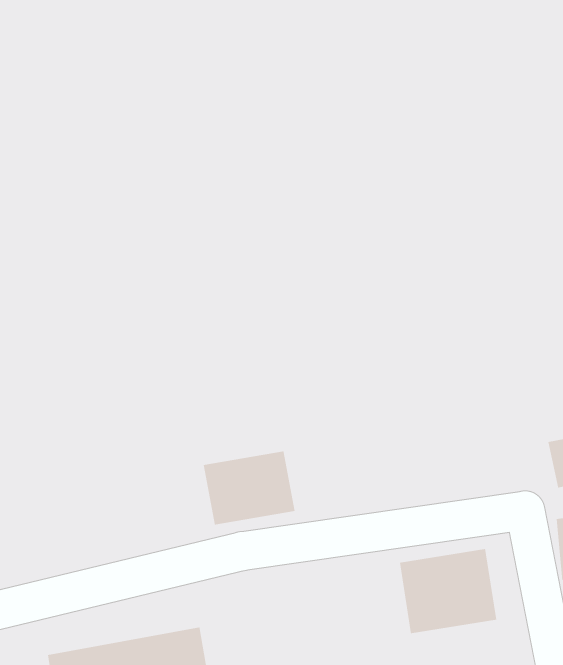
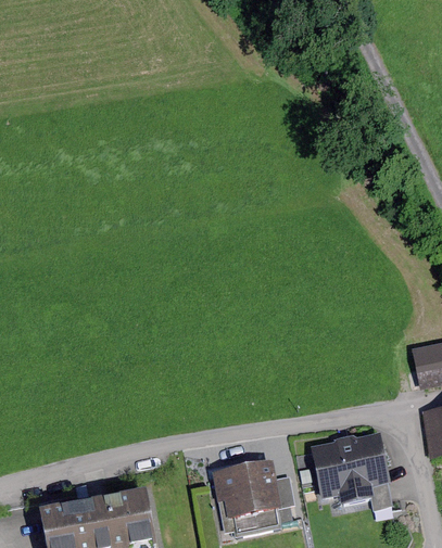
building: [203,451,295,525] -> [219,460,291,518]

